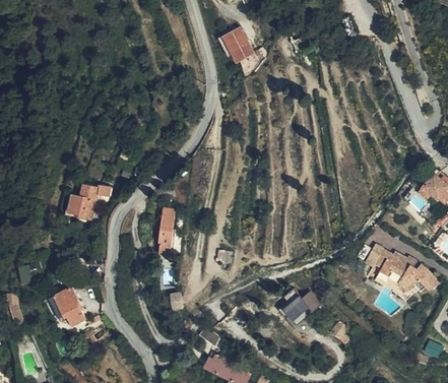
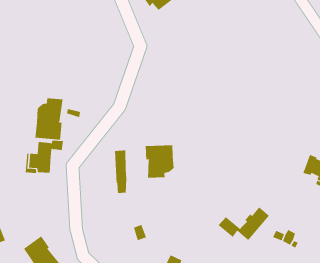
building: none -> [35,98,63,140]
building: none -> [145,144,174,179]

